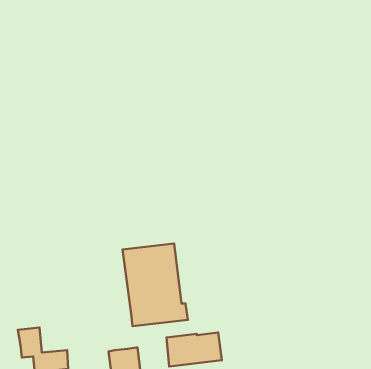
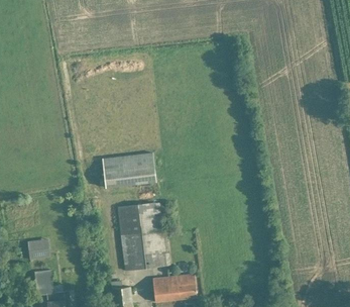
building: none -> [100,152,153,186]
building: none -> [28,238,50,259]

